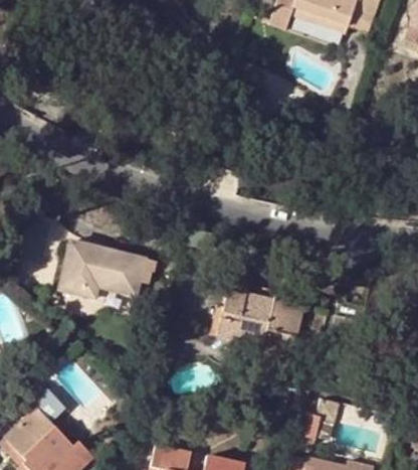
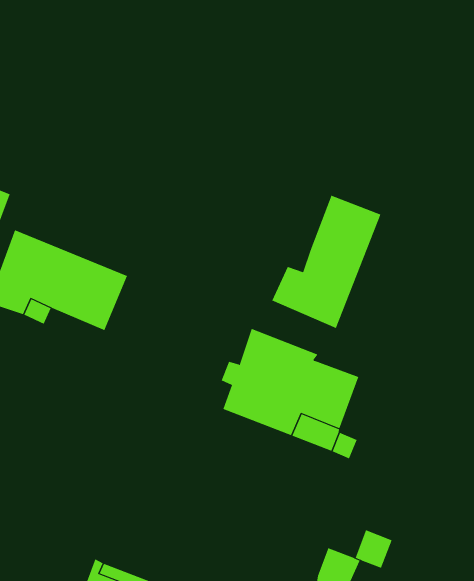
building: none -> [271,195,381,329]

